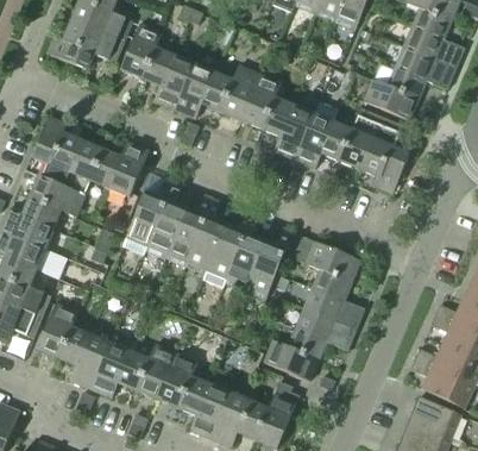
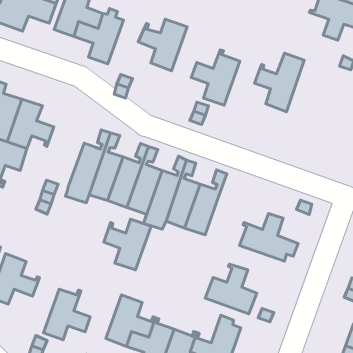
building: [175,63,226,118] -> none
building: [364,65,419,119] -> none
building: [241,74,294,127] -> none
building: [295,113,345,167] -> none
building: [360,115,409,193] -> none
building: [96,142,149,196] -> none
building: [306,240,360,292] -> none
building: [291,307,353,358] -> none
building: [56,330,111,388] -> none
building: [125,344,176,397] -> [104,219,151,270]

